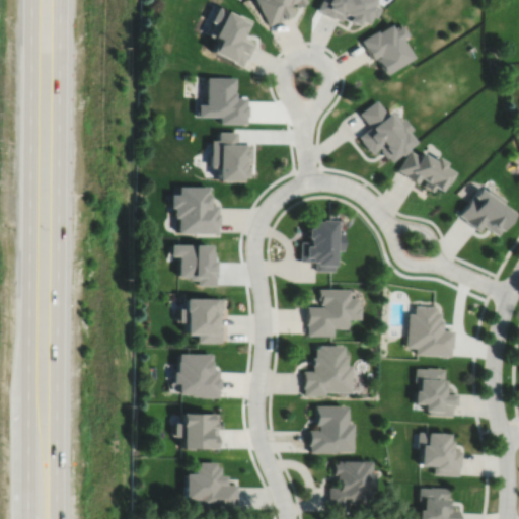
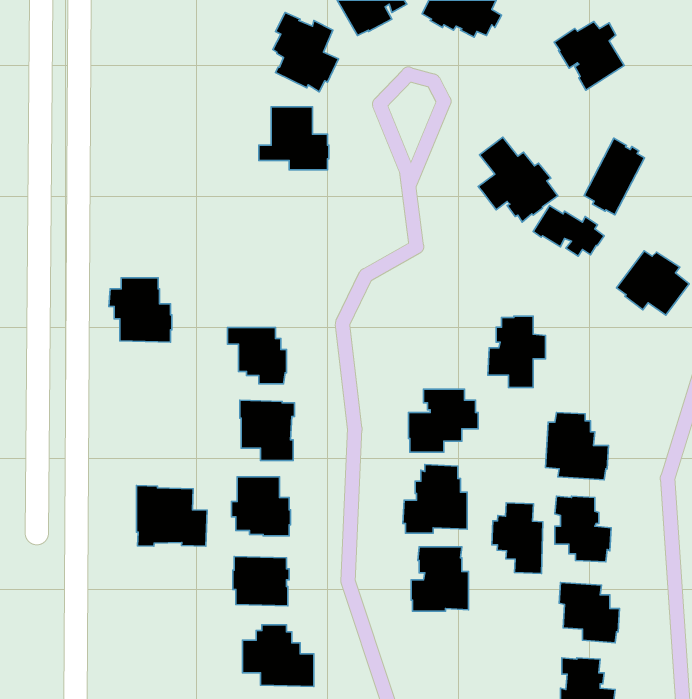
building: [363,27,415,78] -> [554,22,624,90]
building: none -> [584,138,644,215]
building: [211,135,254,178] -> none
building: [173,186,220,233] -> [109,278,172,342]
building: [302,218,345,271] -> [488,316,545,388]
building: none -> [136,486,207,546]
building: none -> [492,503,543,574]
building: [330,461,376,504] -> none

